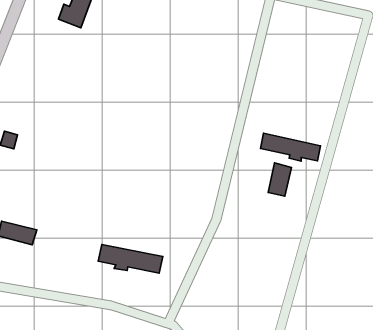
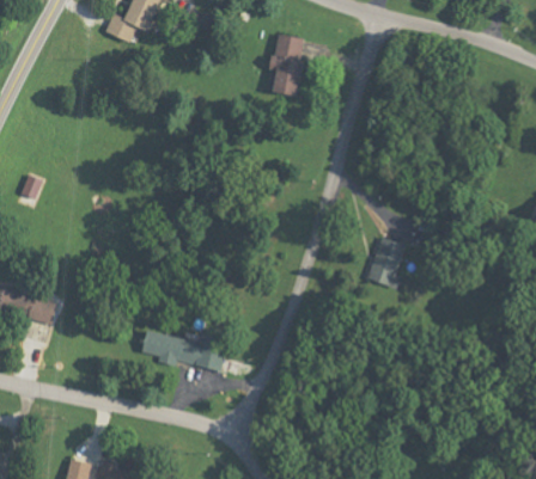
building: none -> [261,30,307,106]
building: [261,133,321,161] -> none

